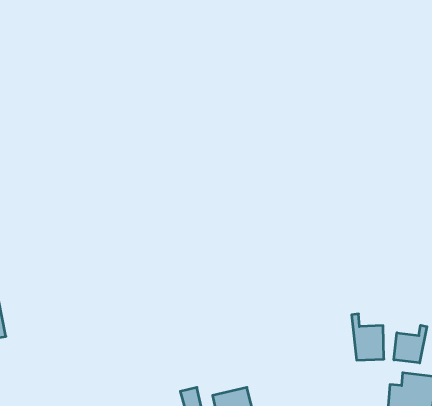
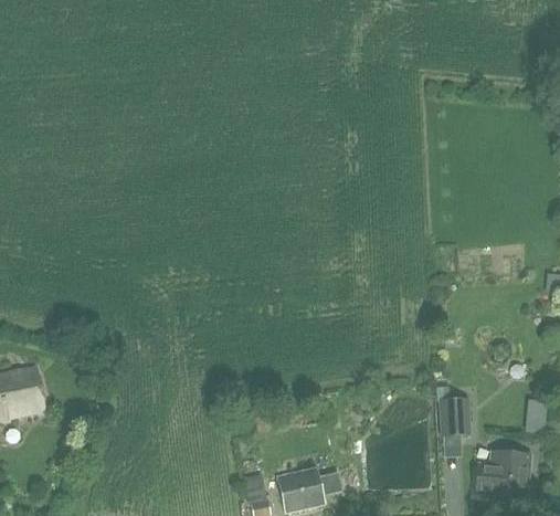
building: [394,325,427,363] -> none

